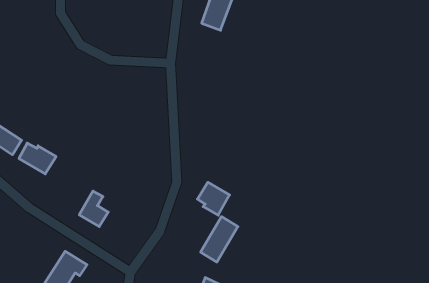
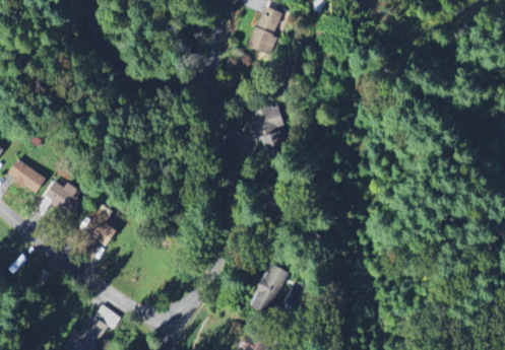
building: none -> [249,106,285,154]
building: [197,182,230,215] -> none
building: [79,191,108,227] -> [84,206,117,246]

